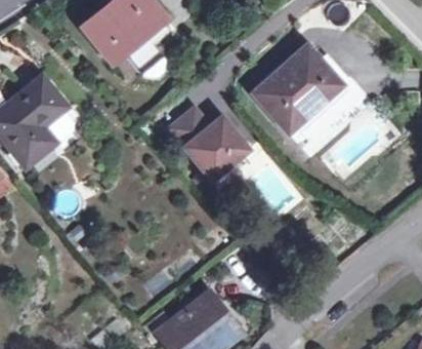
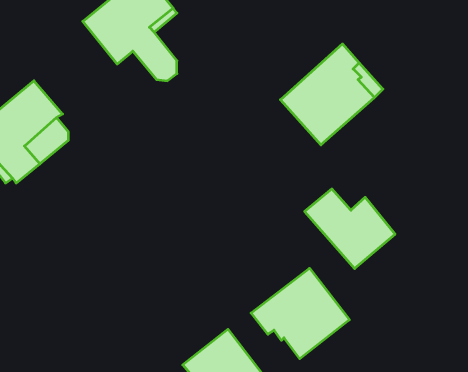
building: [172,110,250,179] -> [305,189,395,269]
building: none -> [251,268,349,359]

